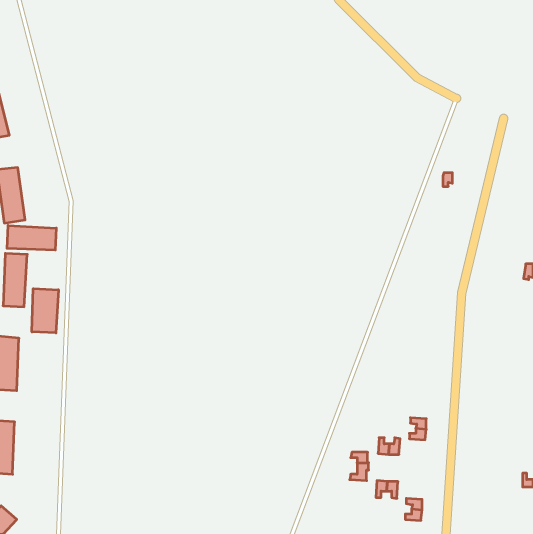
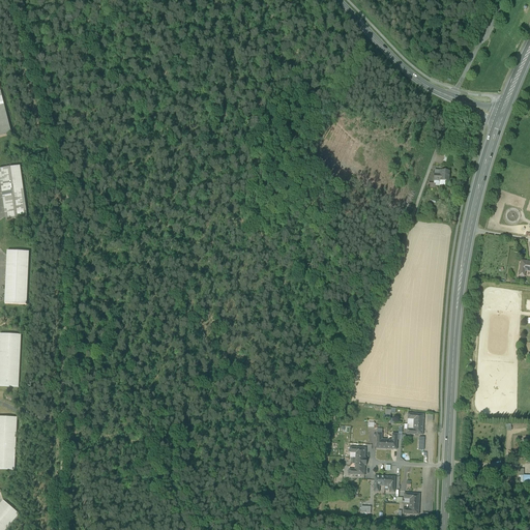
building: [7,225,56,250] -> none
building: [32,289,58,333] -> none

